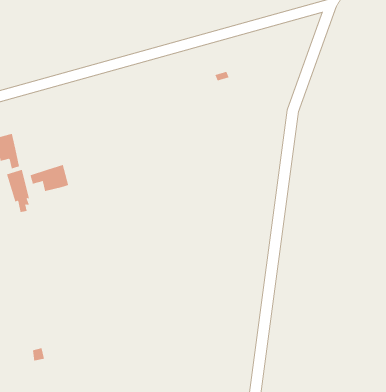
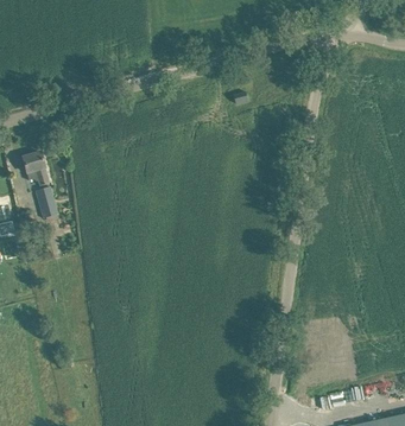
building: [30,164,69,192] -> none

